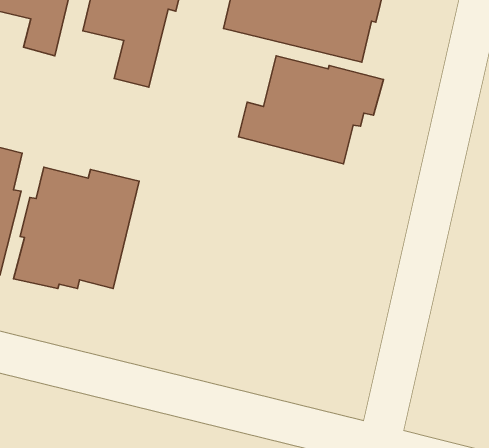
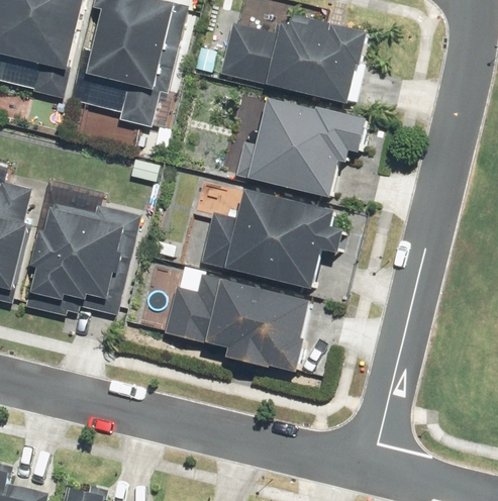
building: none -> [197,188,343,289]
building: none -> [161,274,310,372]

